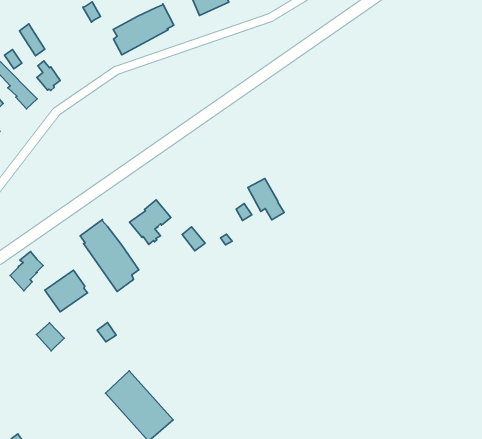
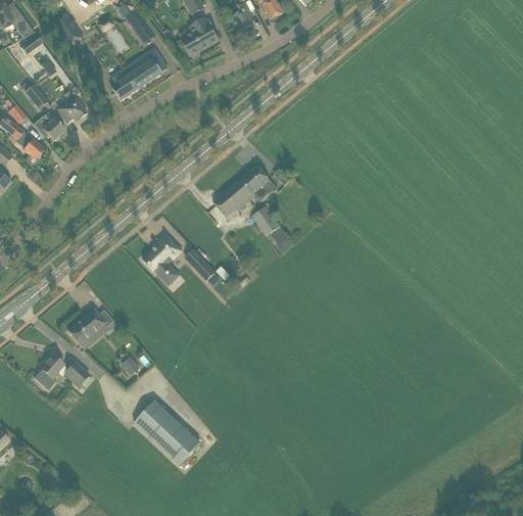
building: none -> [56,94,87,123]
building: none -> [213,165,277,216]
building: [80,220,139,291] -> none
building: [10,251,43,291] -> [34,351,64,389]

